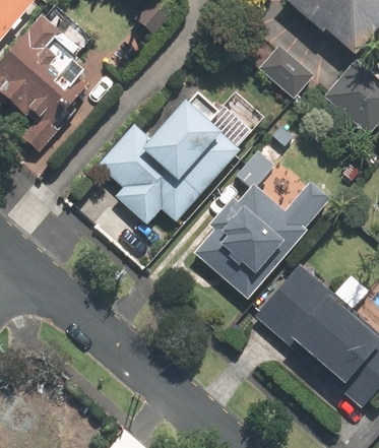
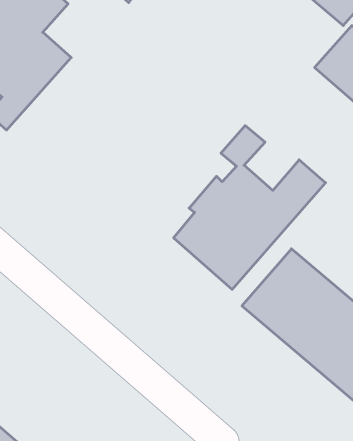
building: [258,42,317,99] -> none
building: [98,89,241,223] -> none

